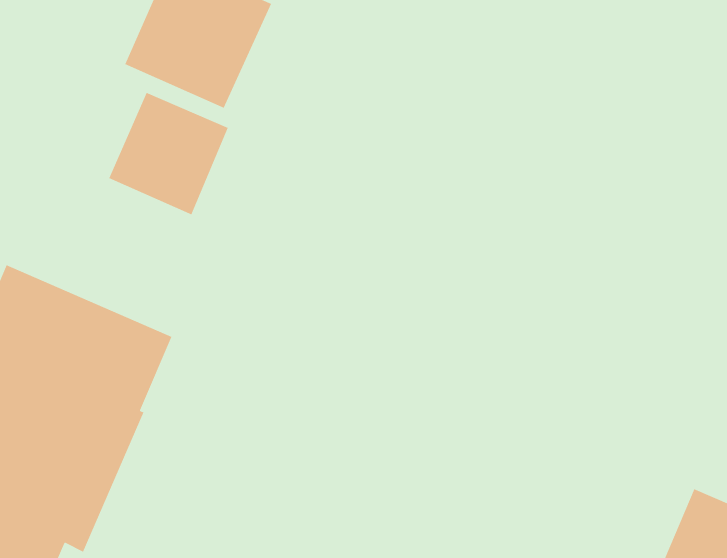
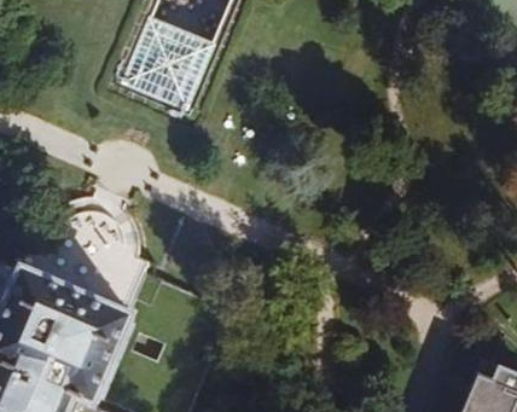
building: [108,92,229,215] -> none

